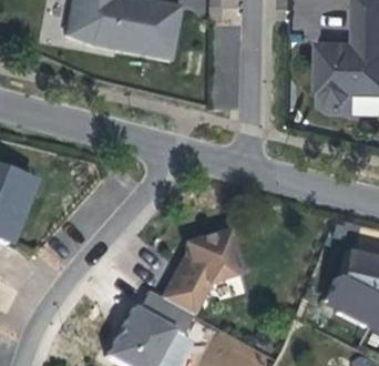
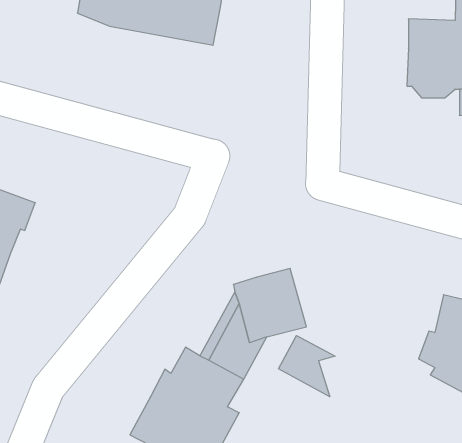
building: none -> [279,336,335,397]

